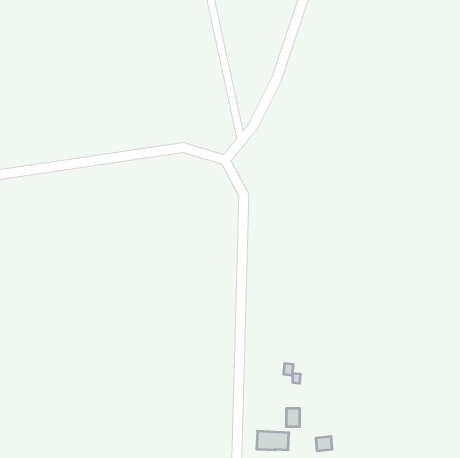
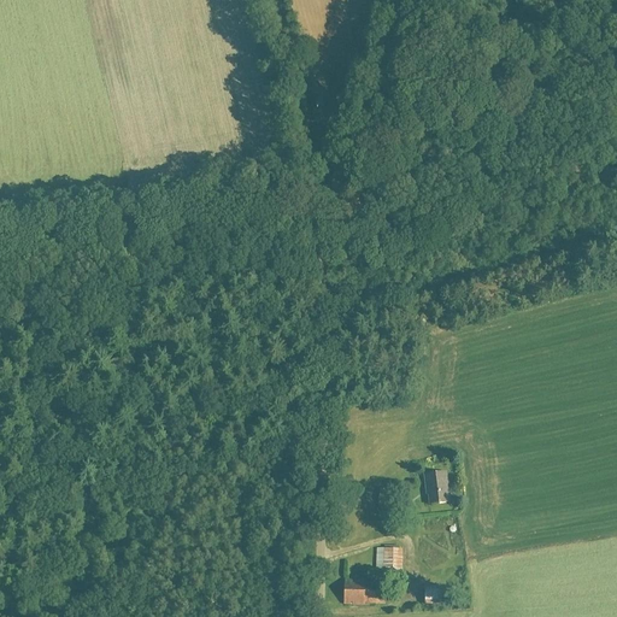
building: none -> [424,471,447,503]

